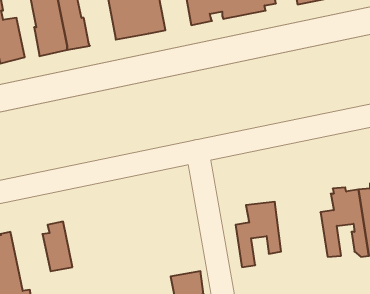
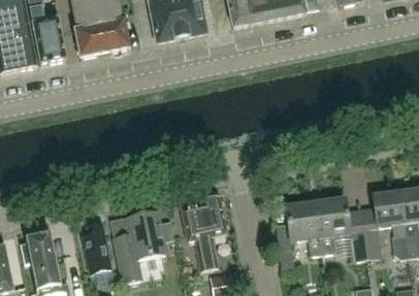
building: none -> [316,195,368,260]
building: none -> [183,197,228,270]
building: none -> [115,211,165,281]

